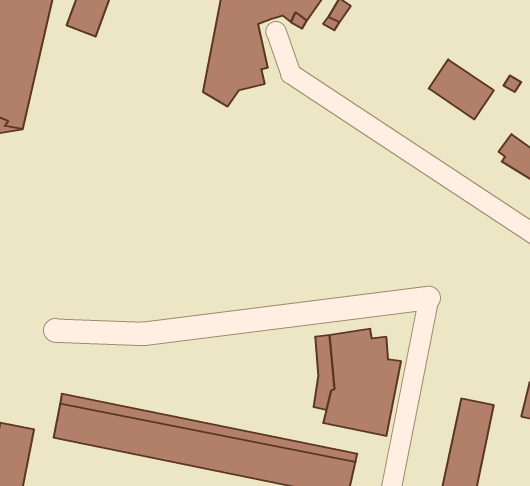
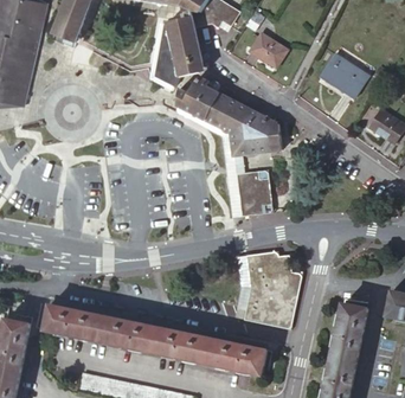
building: none -> [246,33,284,66]
building: none -> [175,78,279,155]
building: none -> [233,167,271,216]

